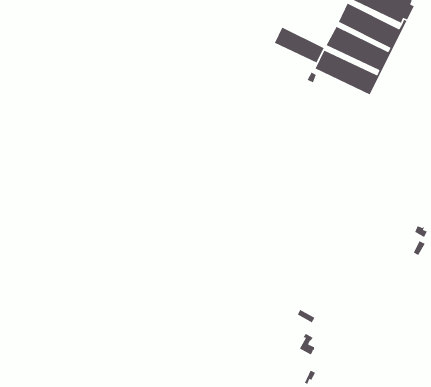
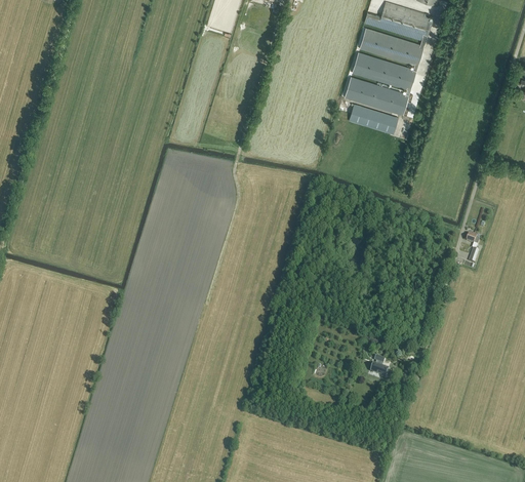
building: [274,26,325,64] -> [348,104,398,134]

